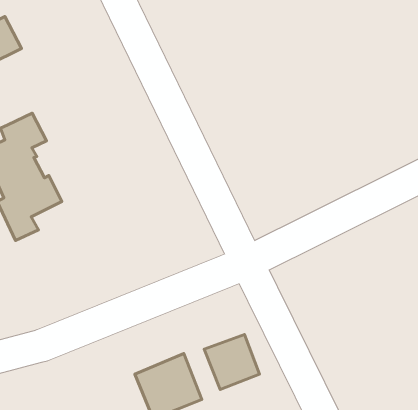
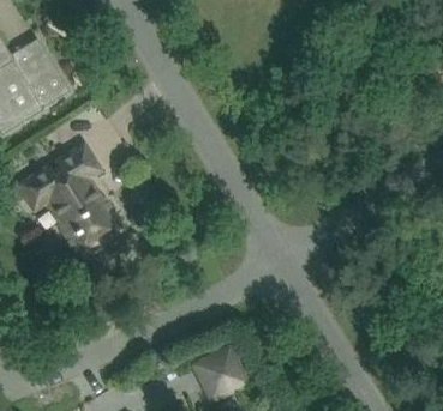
building: [204,334,259,390] -> none

